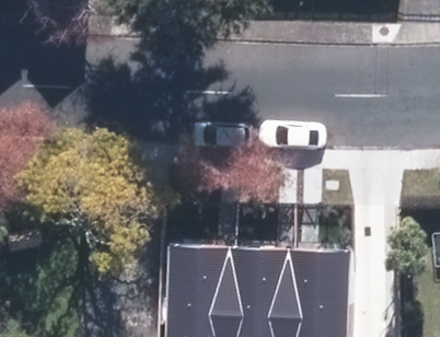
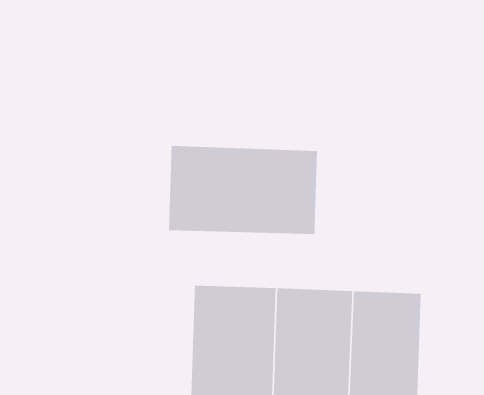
building: none -> [168,145,318,235]

